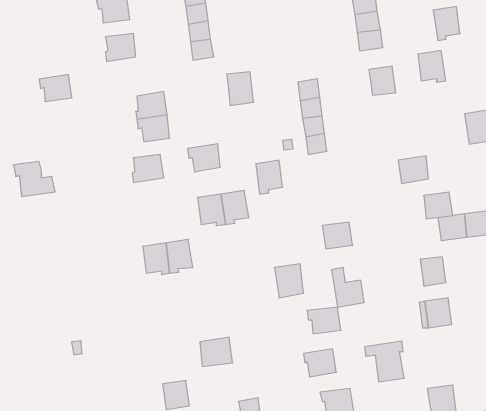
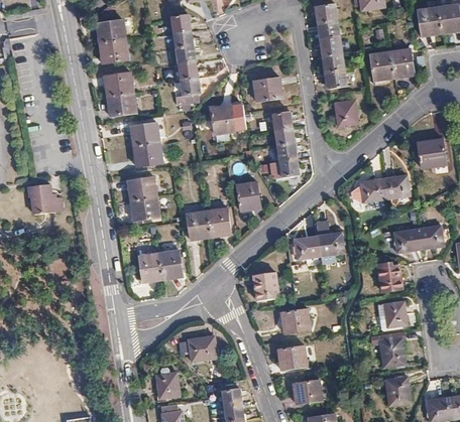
building: none -> [253,77,282,100]
building: [418,51,446,82] -> [369,51,393,79]
building: [39,75,72,101] -> [107,92,135,115]
building: [188,144,220,172] -> [130,196,158,221]
building: [424,192,453,219] -> [383,174,409,197]
building: [332,267,364,307] -> [315,221,343,255]
building: [365,341,404,382] -> [370,330,405,366]

